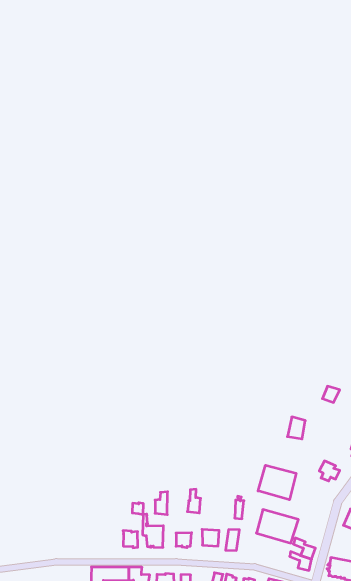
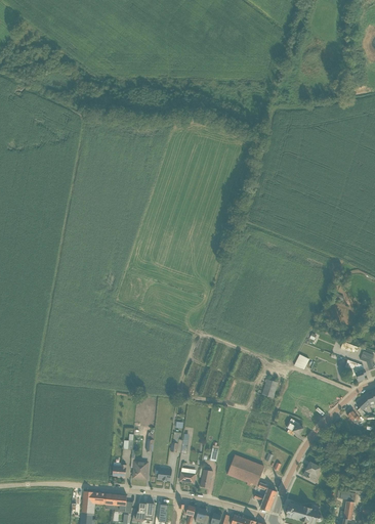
building: [258,465,296,500] -> none

